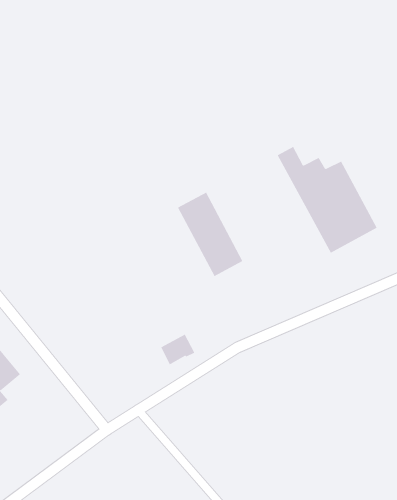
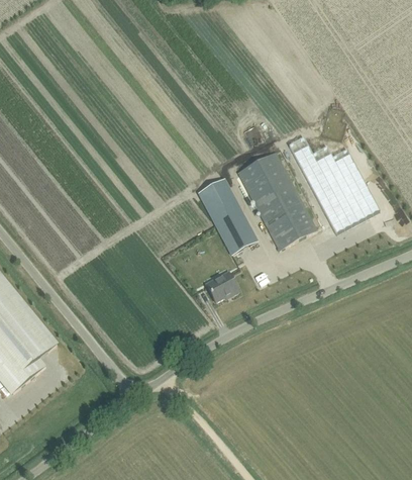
building: none -> [236,151,315,250]
building: [161,334,195,365] -> [213,278,244,306]

